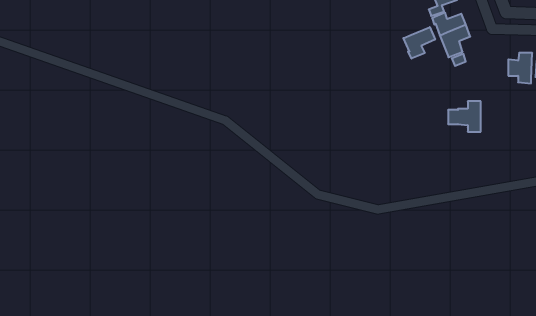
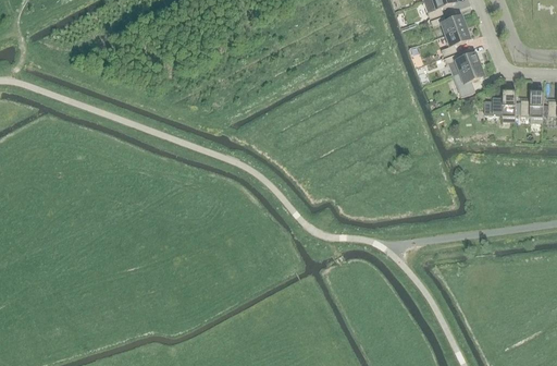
building: [403,27,435,59] -> none
building: [448,101,481,132] -> [484,89,517,120]

